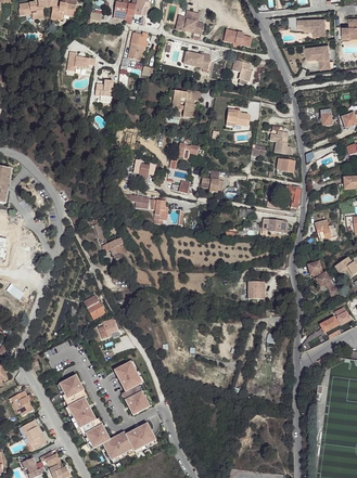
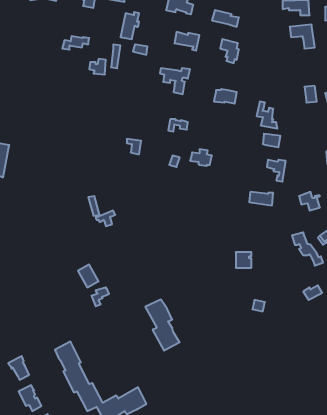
building: [130,195,168,225] -> none
building: [114,362,150,415] -> [145,300,180,351]

